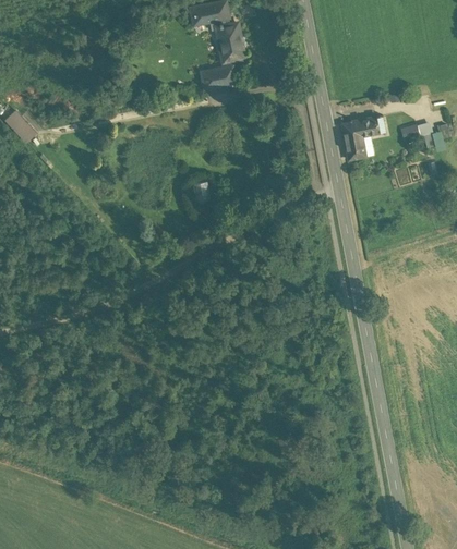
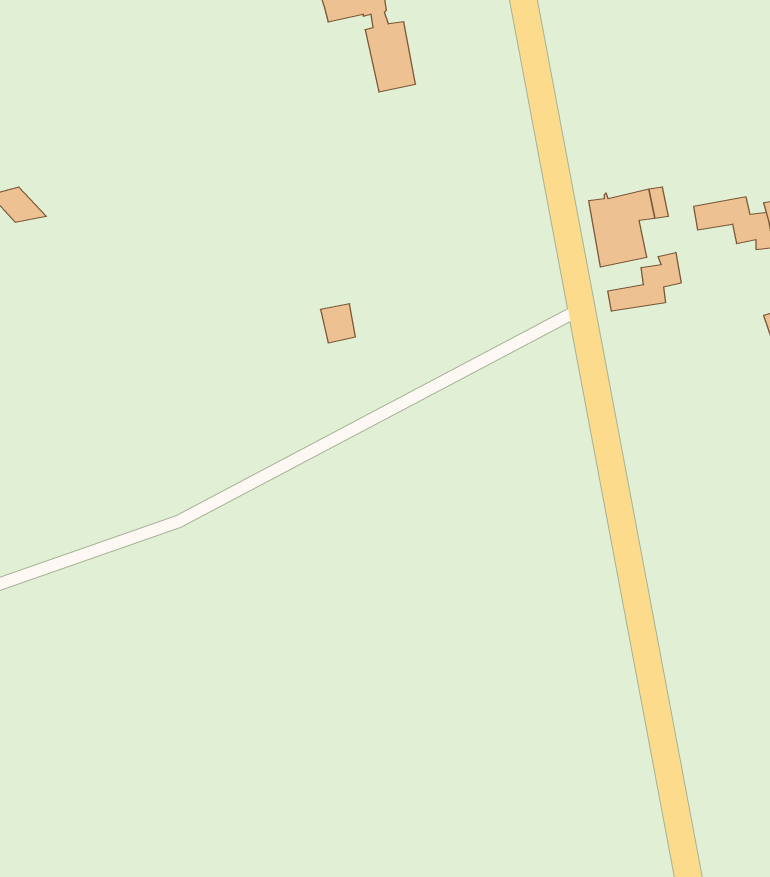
building: [202,66,236,87] -> none
building: none -> [608,252,681,311]

